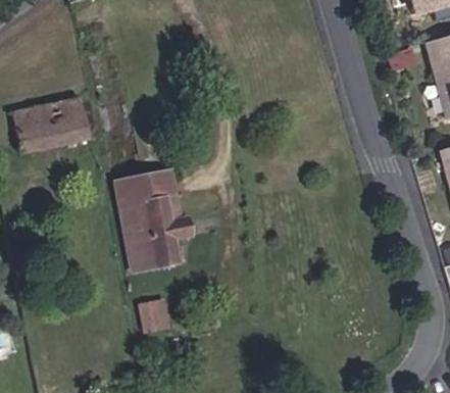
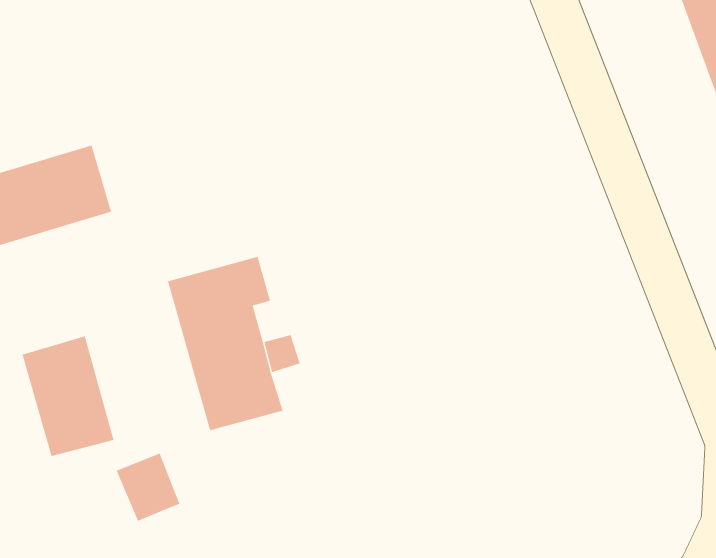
building: none -> [22,336,114,457]
building: [138,294,173,333] -> [116,453,180,521]

